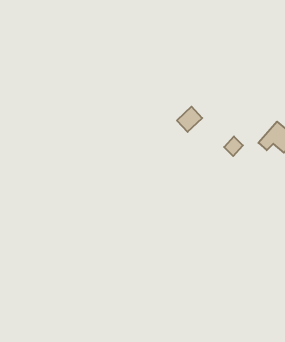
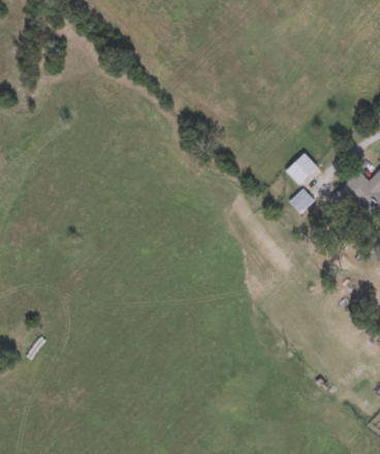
building: [177,107,202,132] -> [286,153,318,185]

